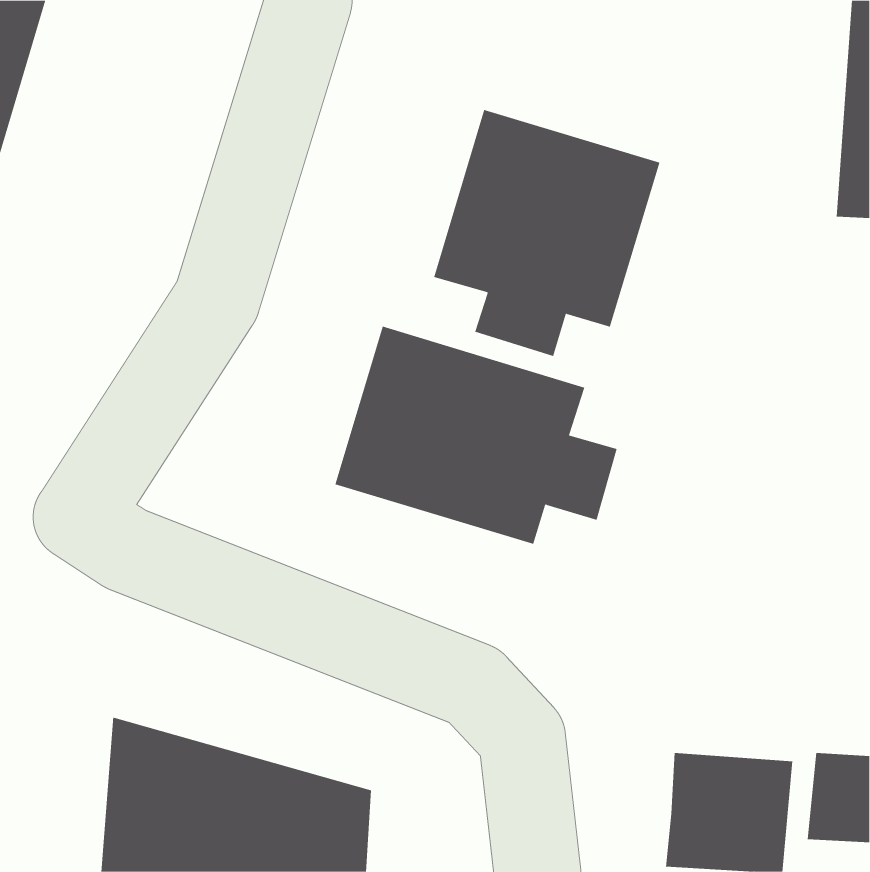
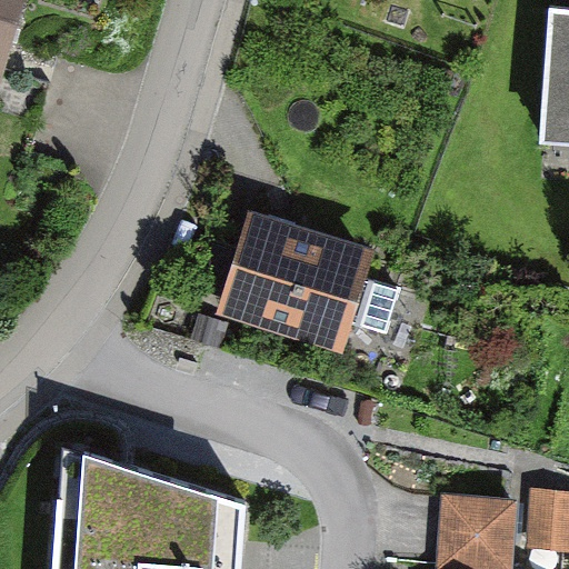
building: [433,109,660,357] -> none

